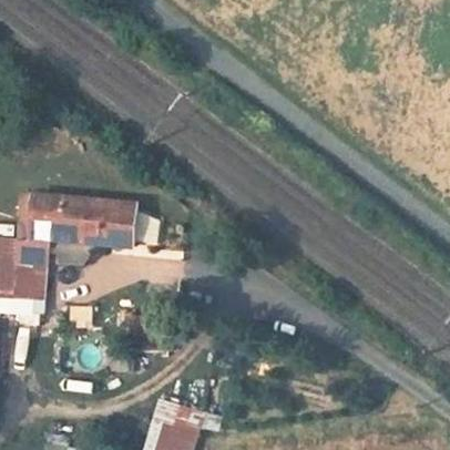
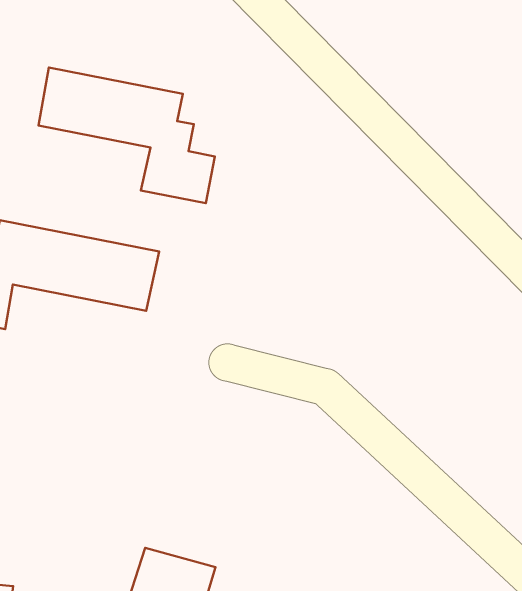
building: none -> [39,68,215,203]

